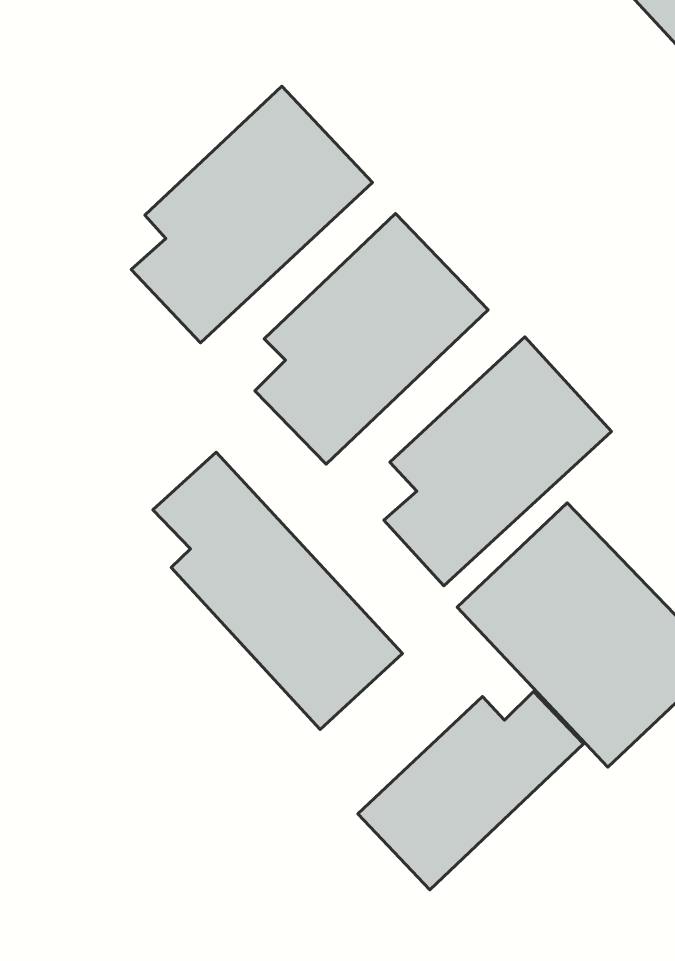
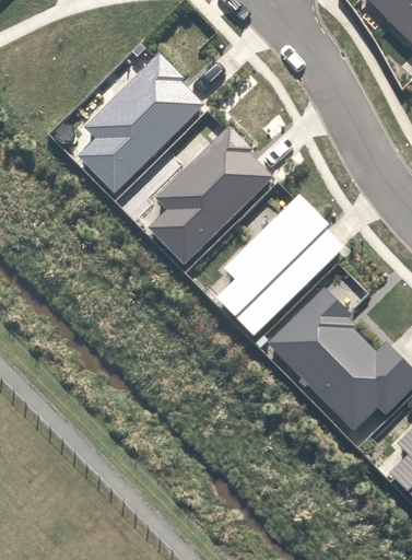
building: [153,452,403,730] -> none
building: [358,692,584,890] -> none

